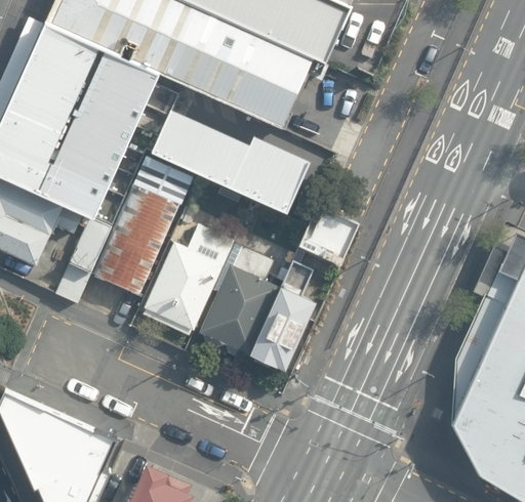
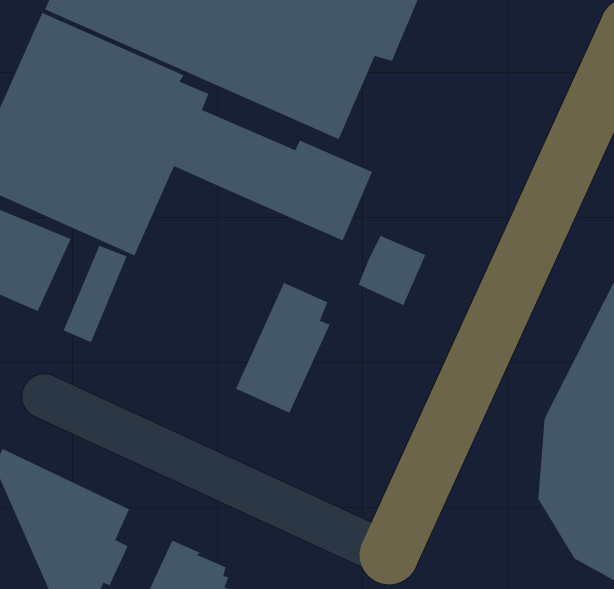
building: [92,152,196,292] -> none
building: [142,225,234,334] -> none
building: [249,260,318,374] -> none

